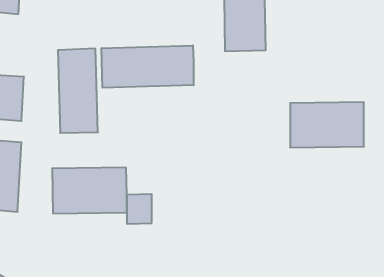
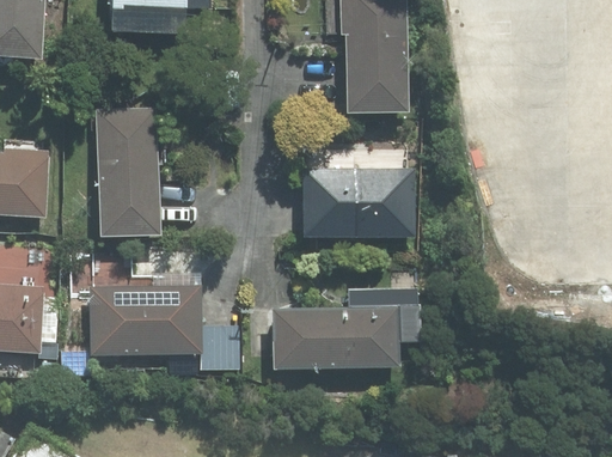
building: [102,45,194,88] -> none
building: [290,102,364,147] -> [305,170,415,237]
building: none -> [275,307,399,367]

